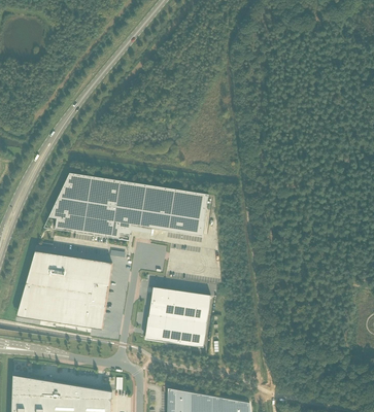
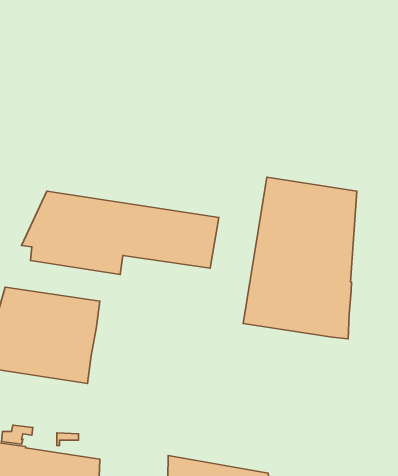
building: none -> [243,177,357,339]
building: [144,287,210,347] -> none

